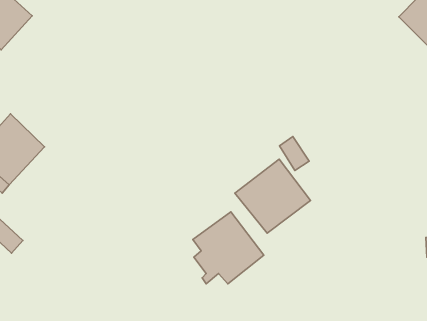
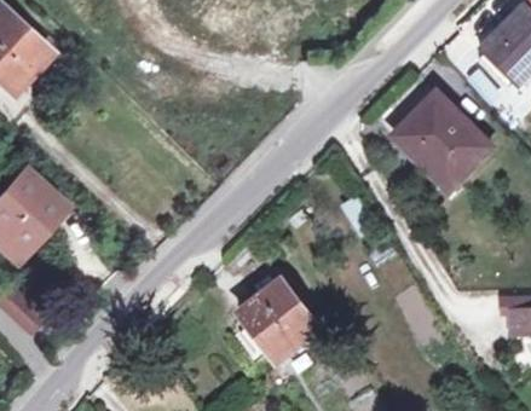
building: none -> [394,94,492,190]
building: [235,159,310,233] -> none

